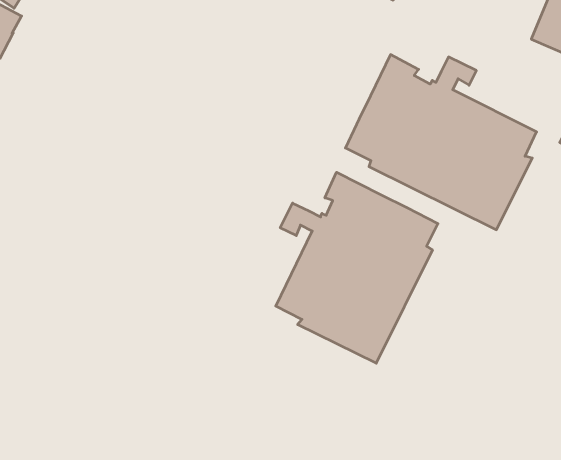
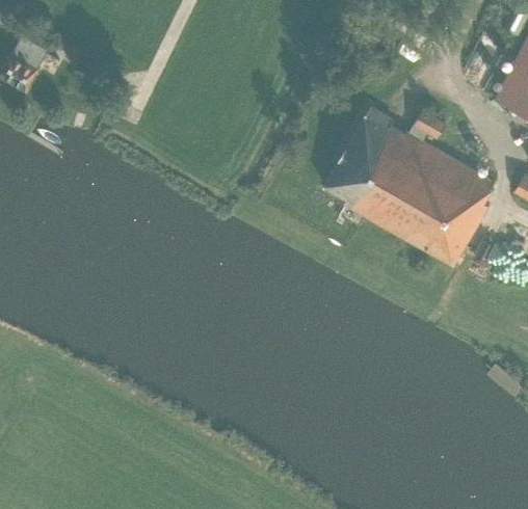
building: [276,172,438,363] -> none

